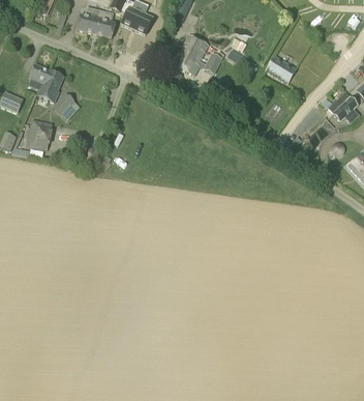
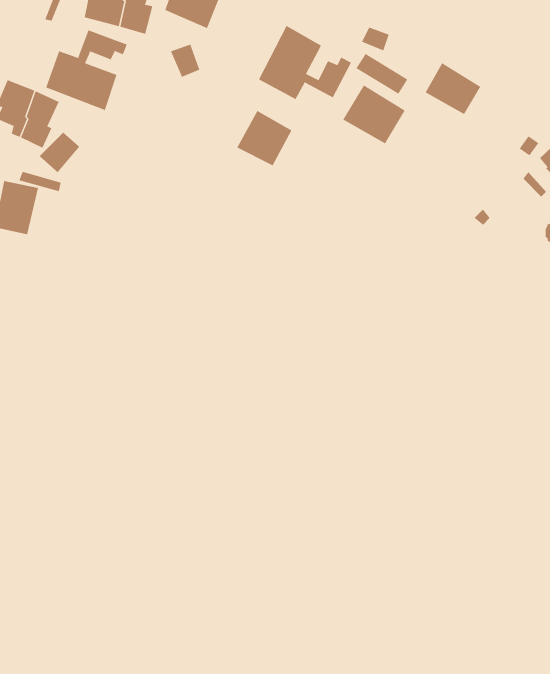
building: none -> [45,29,128,111]
building: none -> [342,84,405,144]
building: none -> [236,110,292,166]

